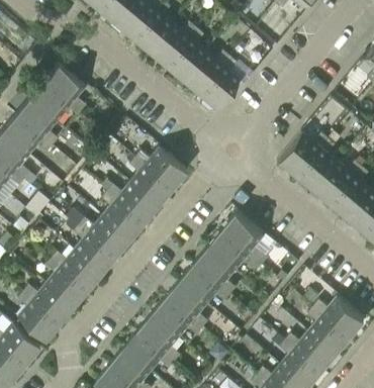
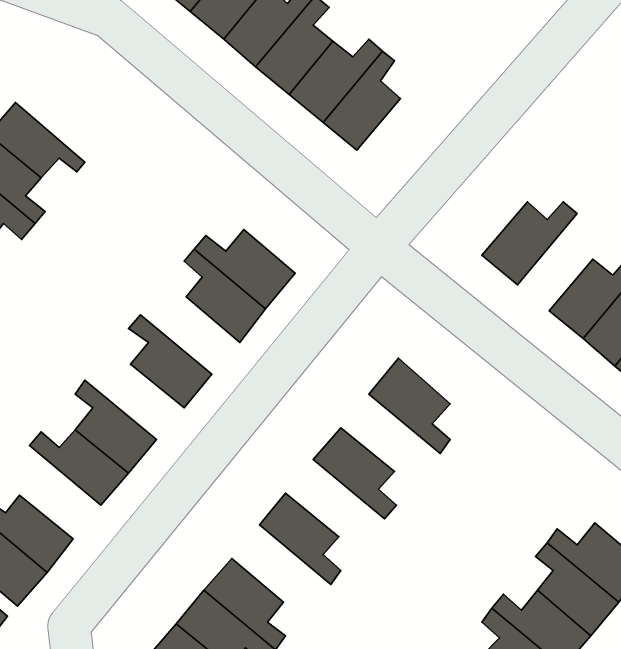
building: [42,65,85,114] -> none
building: [298,140,337,190] -> none
building: [106,183,157,222] -> none
building: [78,217,128,256] -> none
building: [208,232,259,272] -> none
building: [44,259,86,306] -> none
building: [180,266,230,305] -> none
building: [153,299,203,338] -> none

